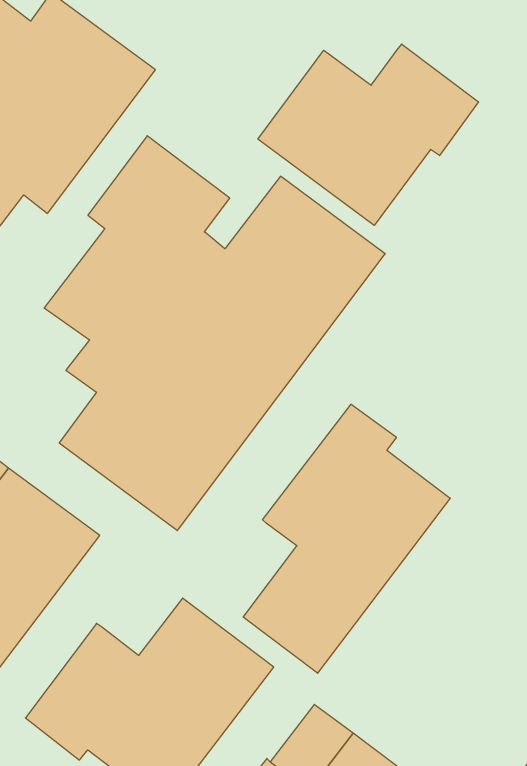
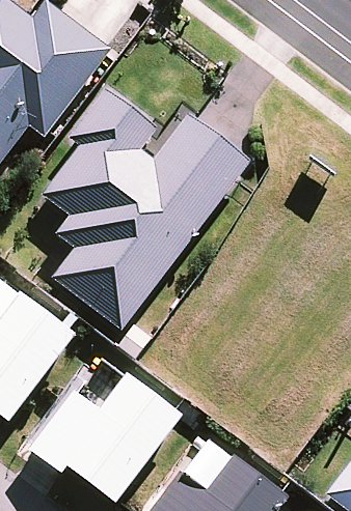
building: [258,44,479,225] -> none
building: [243,404,450,673] -> none

